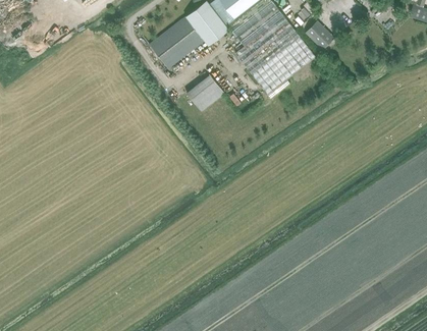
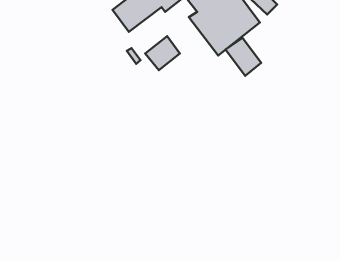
building: none -> [226,38,261,76]

